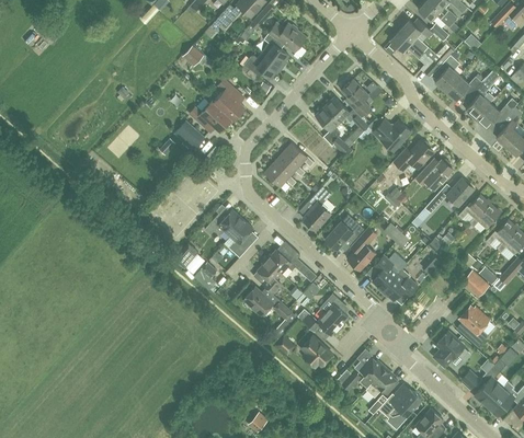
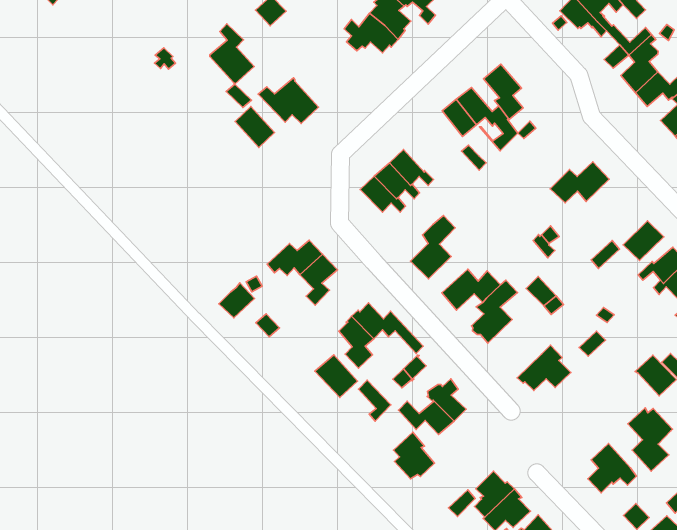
building: [214,79,244,119] -> [210,24,254,84]
building: [373,118,411,151] -> none
building: [415,159,453,185] -> none
building: [372,254,402,291] -> none

